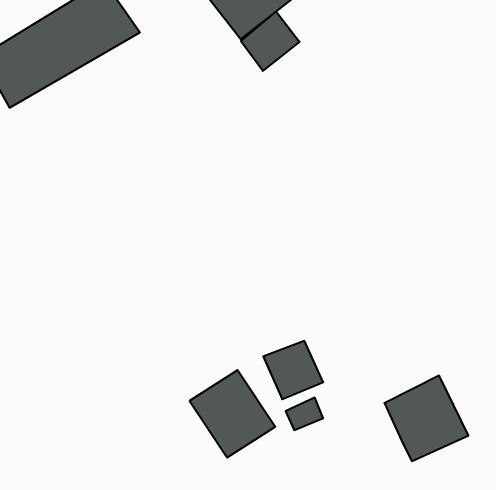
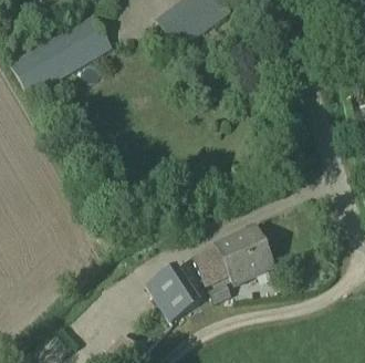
building: [241,11,300,71] -> none
building: [384,376,468,461] -> [219,228,273,283]

